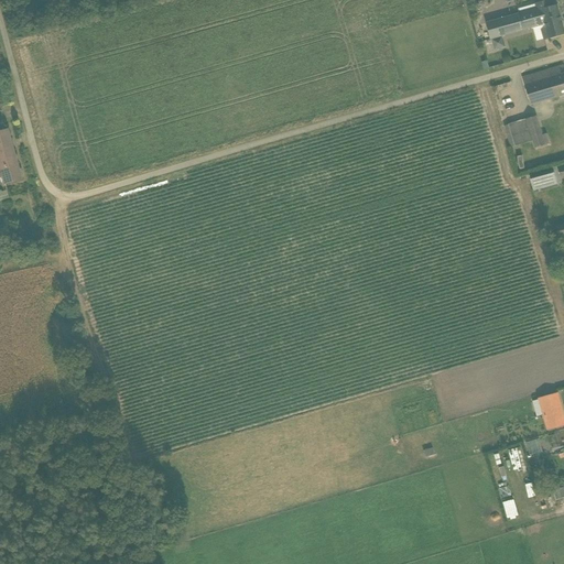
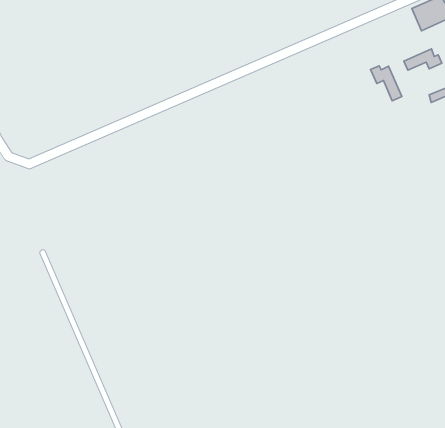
building: none -> [370,66,402,101]

